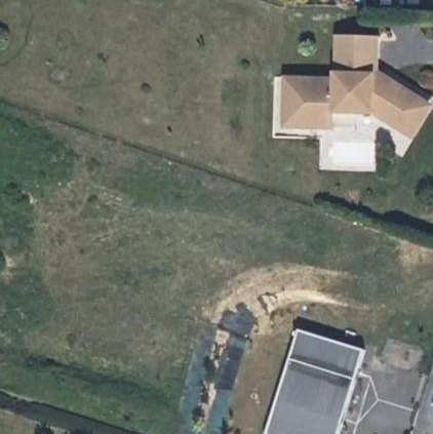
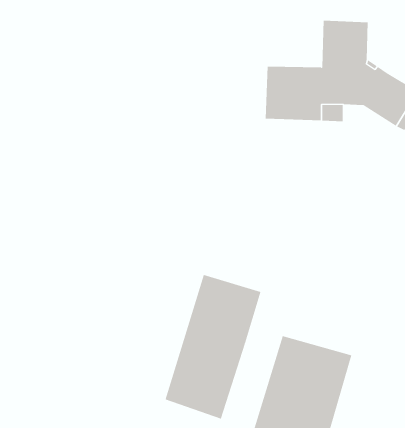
building: none -> [165,274,261,419]

